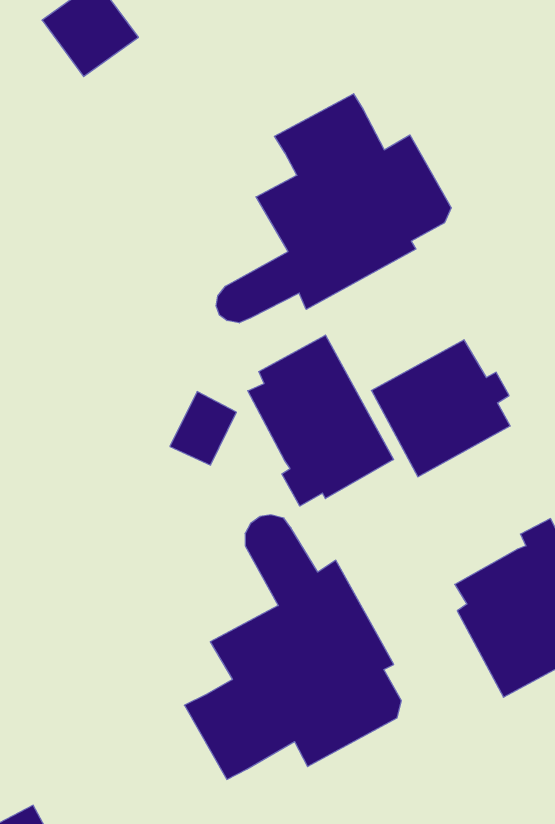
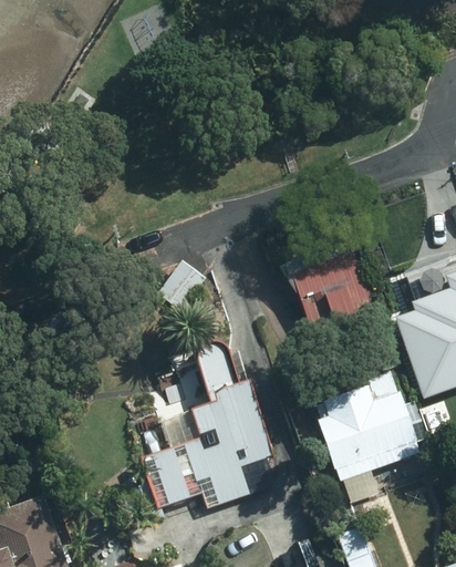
building: [216,94,451,323] -> none
building: [248,335,394,506] -> none

